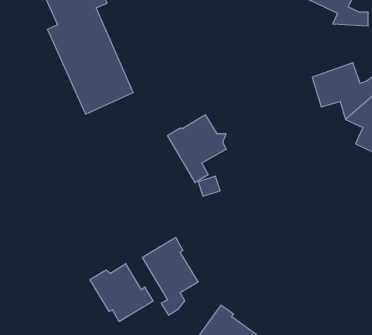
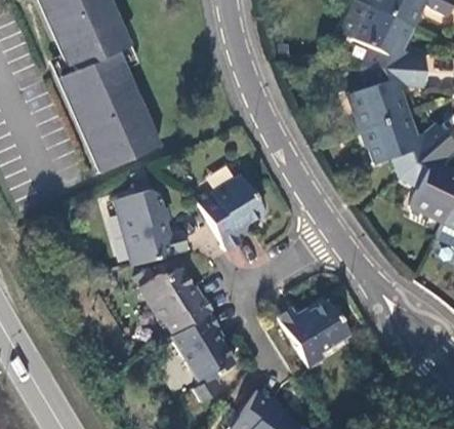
building: none -> [350,69,425,129]
building: none -> [114,189,187,265]
building: none -> [278,299,347,366]
building: [90,264,153,321] -> [138,268,210,334]

